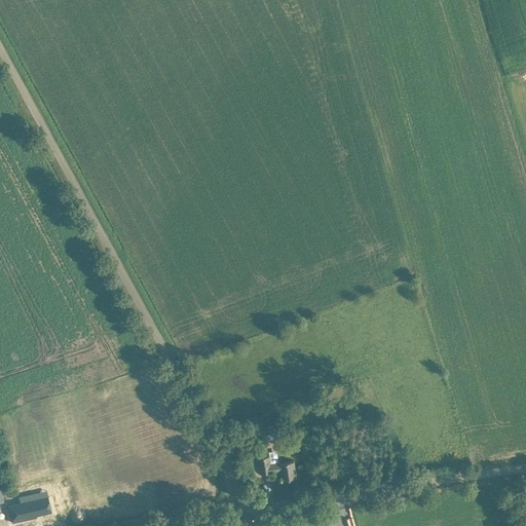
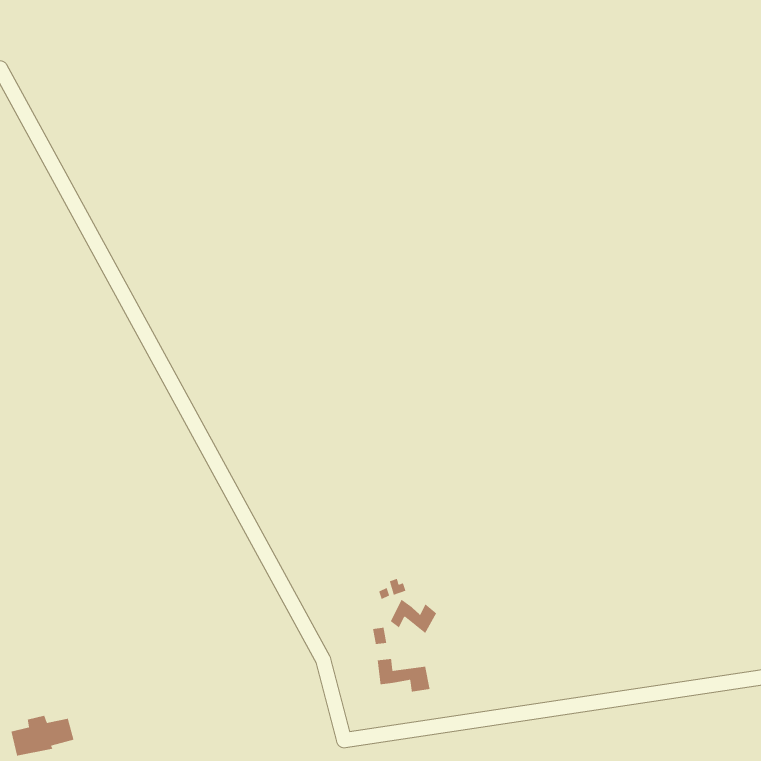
building: none -> [390,599,437,634]

